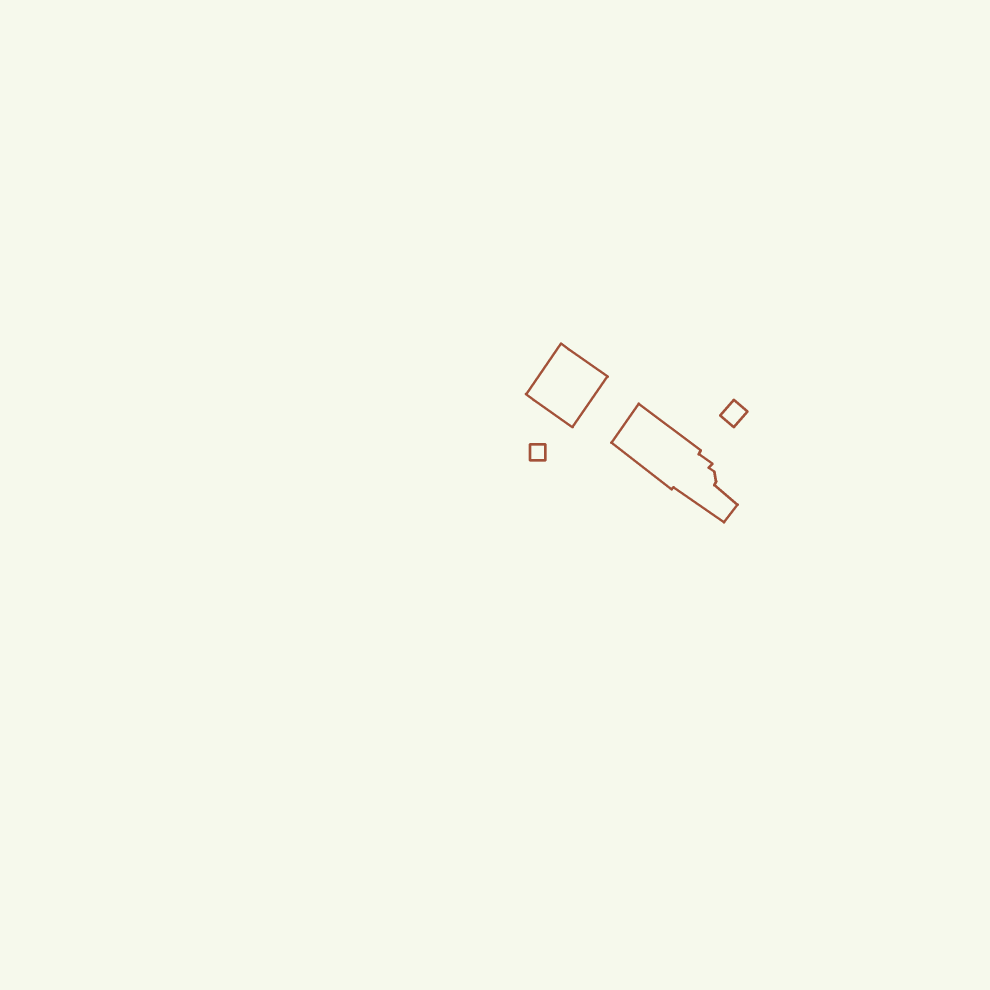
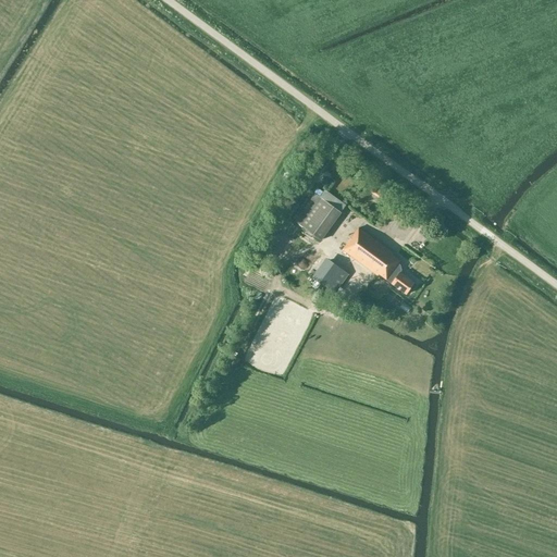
building: none -> [314,260,348,294]

